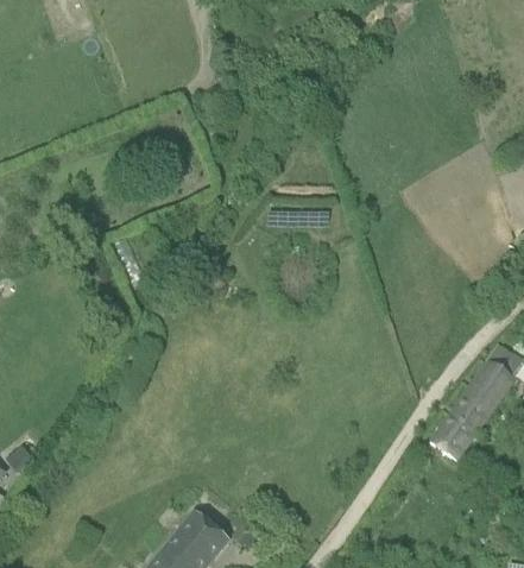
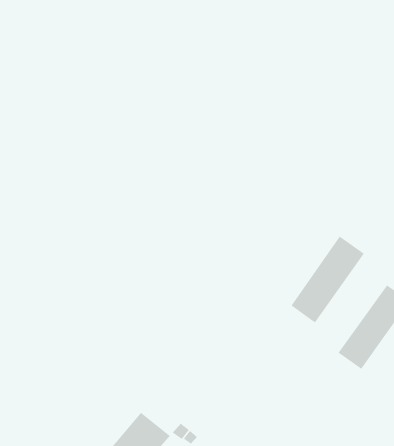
building: none -> [291,236,365,324]

